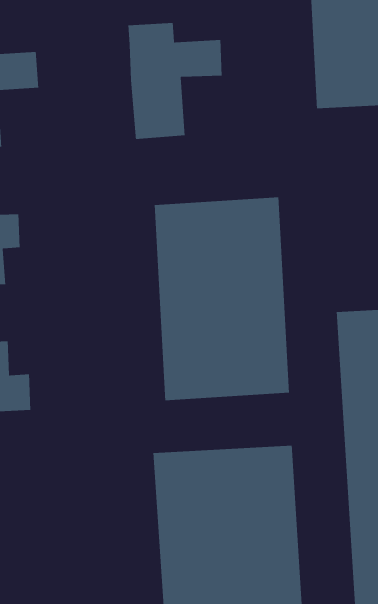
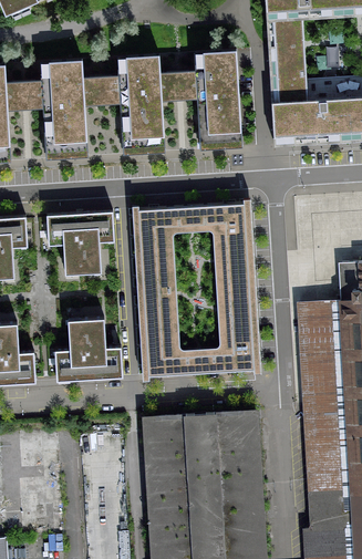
building: none -> [195,49,242,151]
building: none -> [39,61,118,161]
building: none -> [46,211,114,275]
building: none -> [54,318,122,381]

